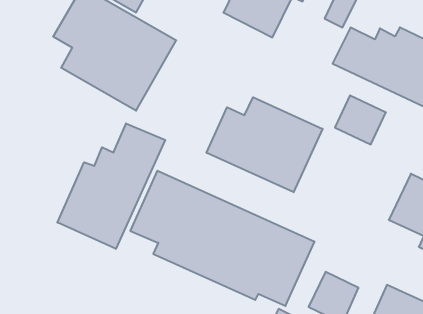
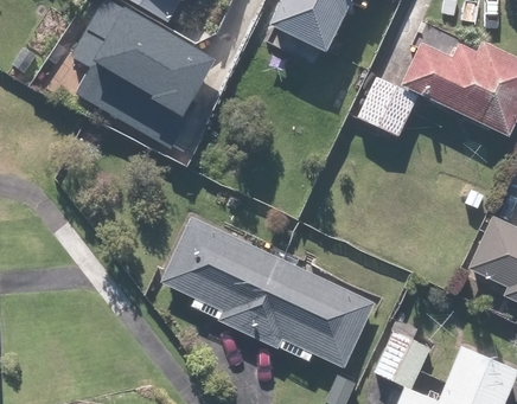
building: [335,95,386,144] -> [356,79,416,137]
building: [207,97,323,192] -> none
building: [57,123,165,249] -> none

